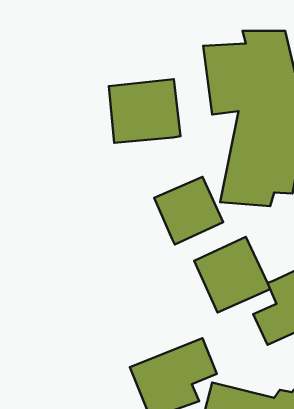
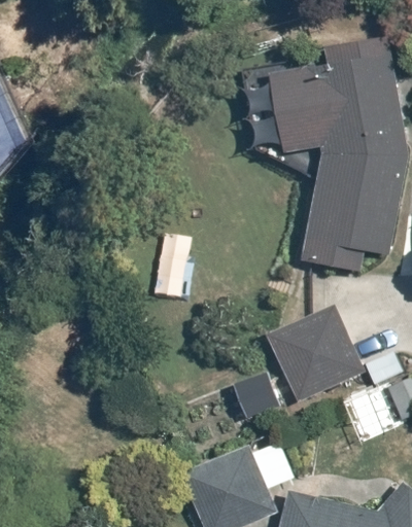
building: [109,79,181,143] -> none
building: [154,177,223,244] -> none

